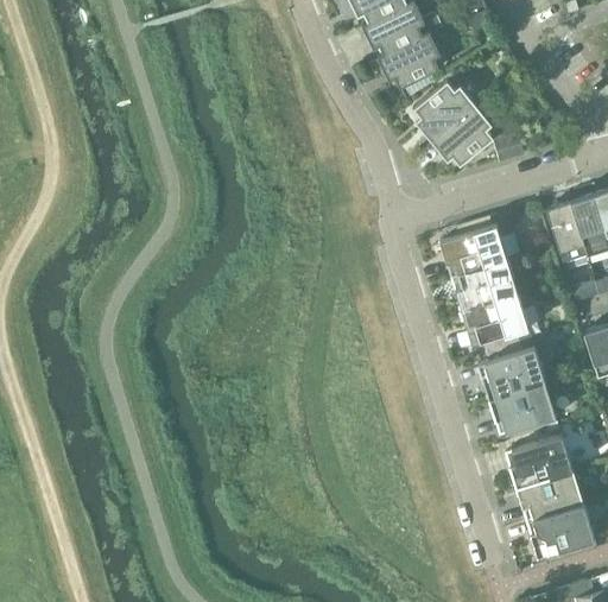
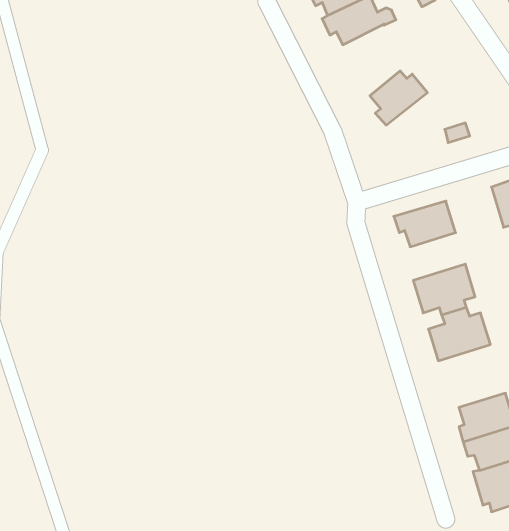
building: [376,31,441,96] -> none
building: [431,106,493,165] -> none
building: [456,259,518,311] -> none
building: [488,381,556,432] -> none

